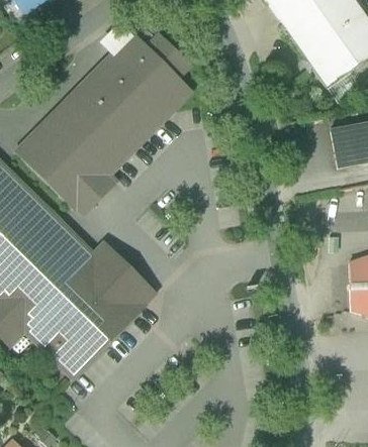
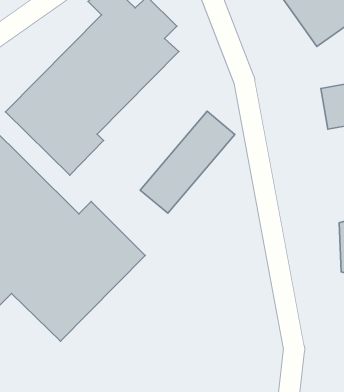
building: none -> [140,111,235,213]

